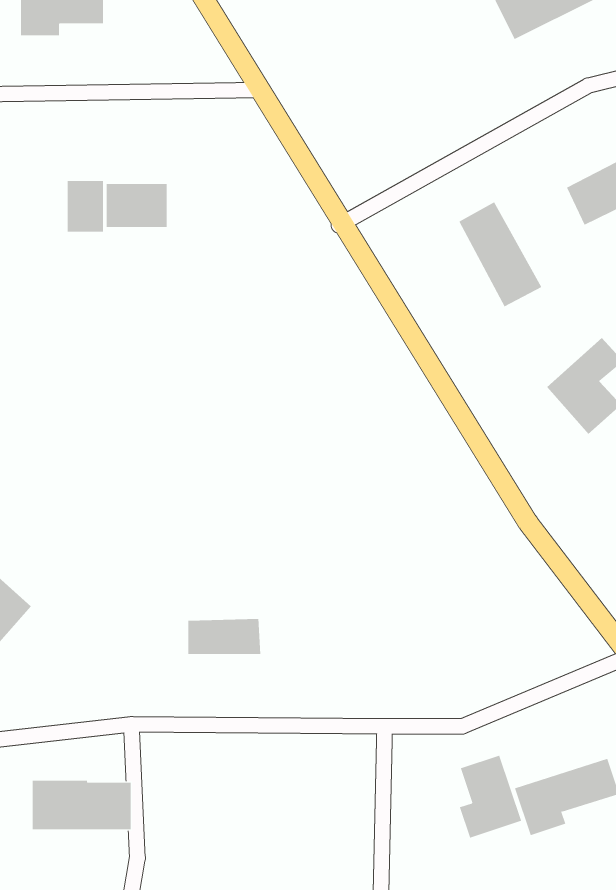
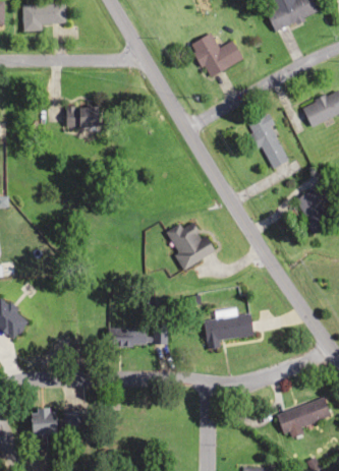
building: none -> [191,34,243,77]
building: [67,180,103,232] -> none
building: none -> [166,219,213,268]
building: none -> [205,309,252,350]
building: [459,755,522,839] -> none

